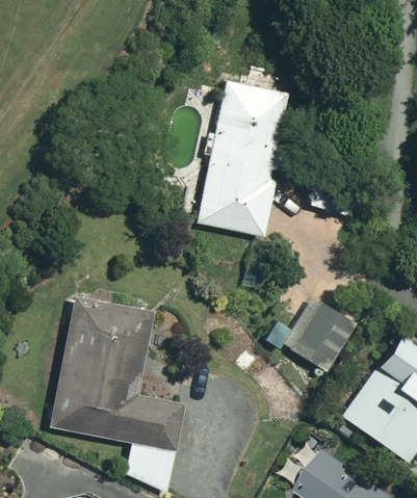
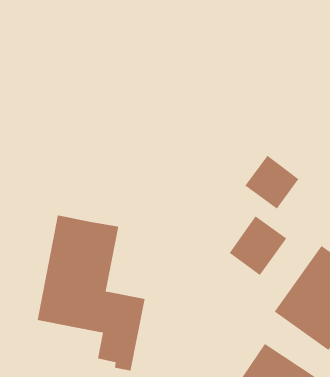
building: [197,81,291,235] -> none
building: none -> [244,155,299,210]

